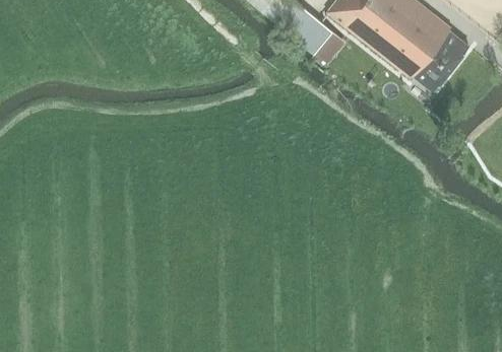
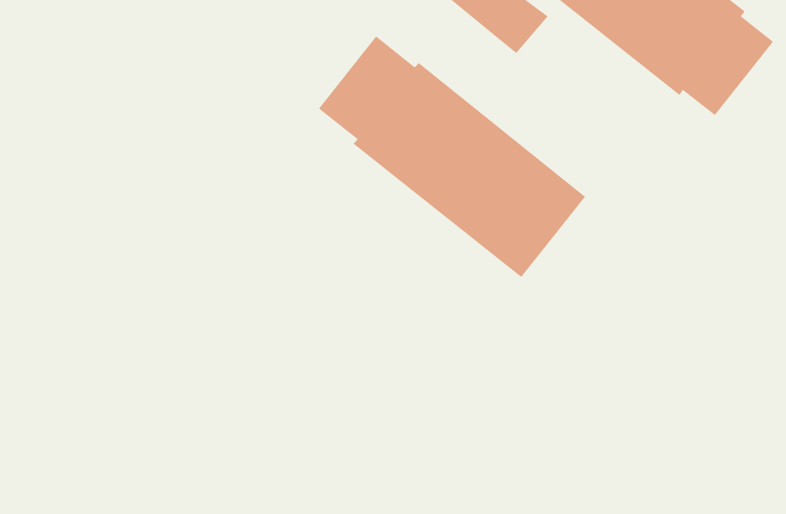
building: none -> [318,36,586,278]

